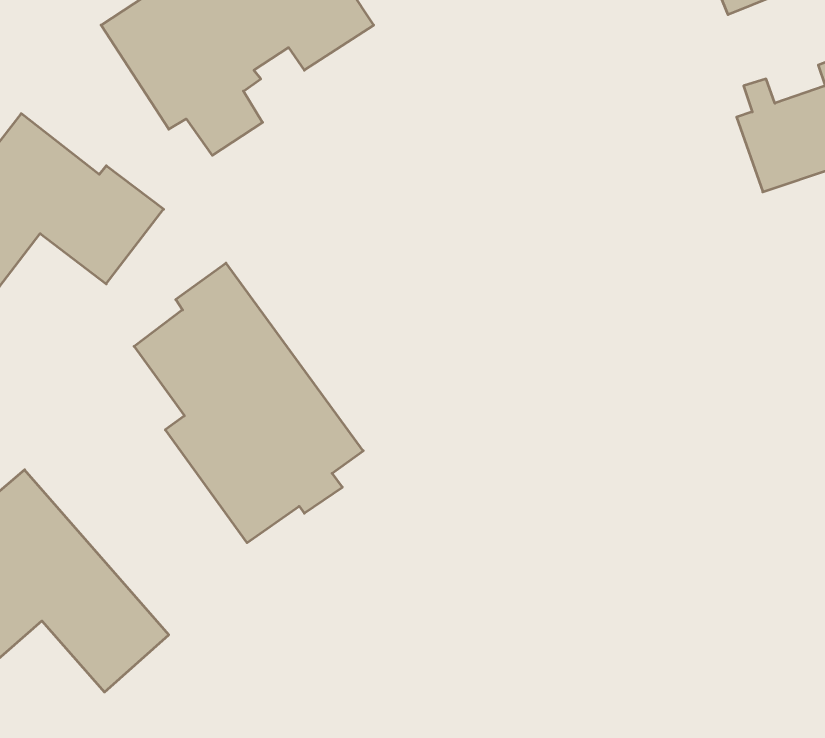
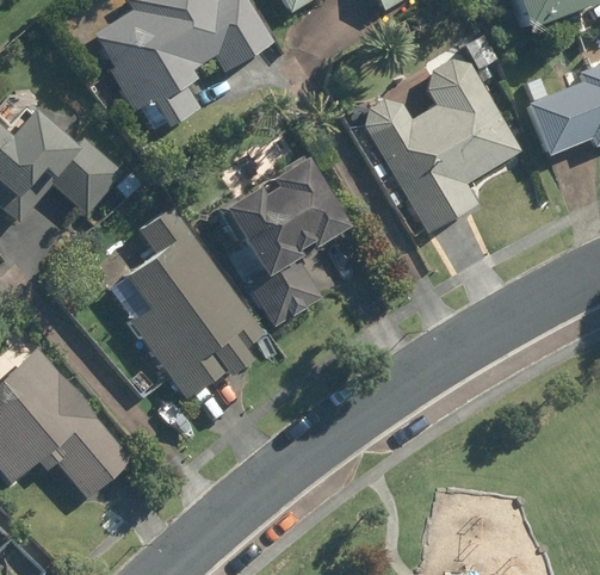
building: none -> [355,49,522,237]
building: none -> [211,155,342,328]

